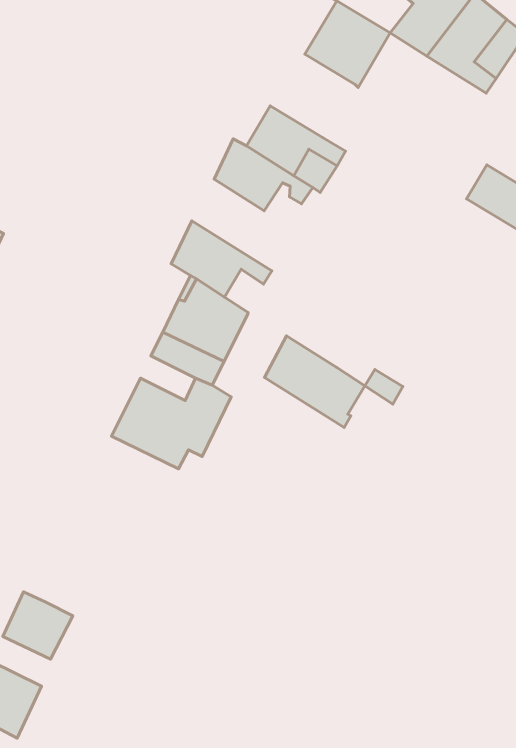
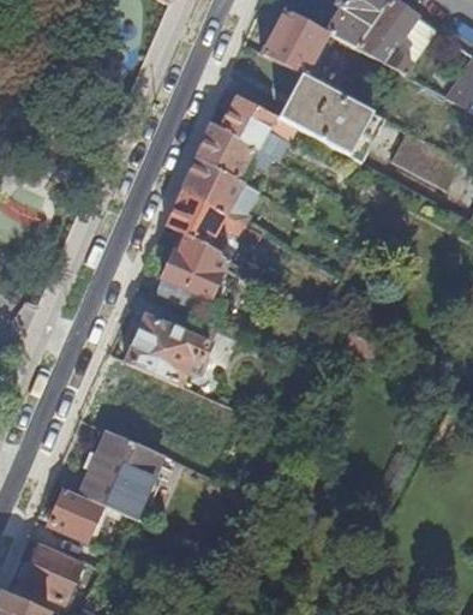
building: none -> [280,73,379,157]
building: [264,336,365,428] -> [180,154,259,223]
building: none -> [82,430,162,517]

